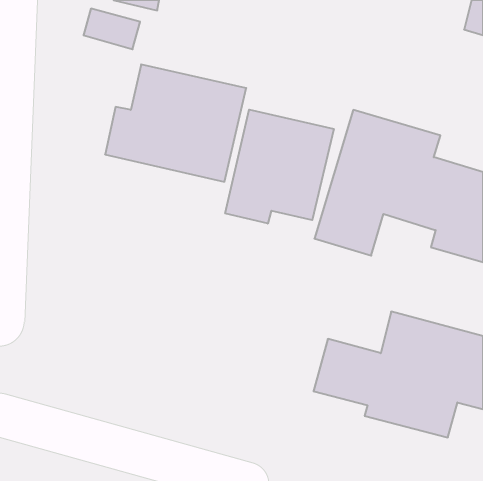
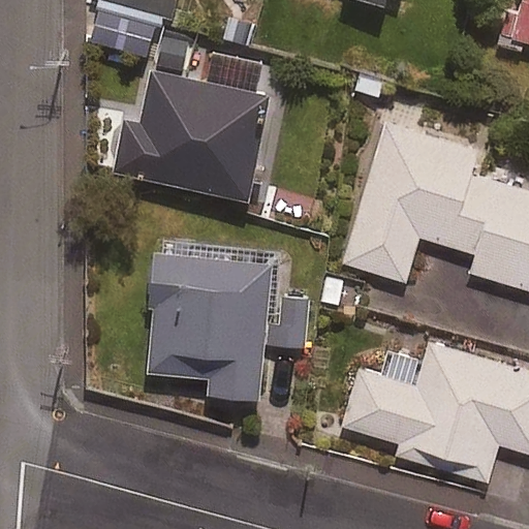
building: [225,110,334,224] -> none
building: none -> [149,242,310,398]

